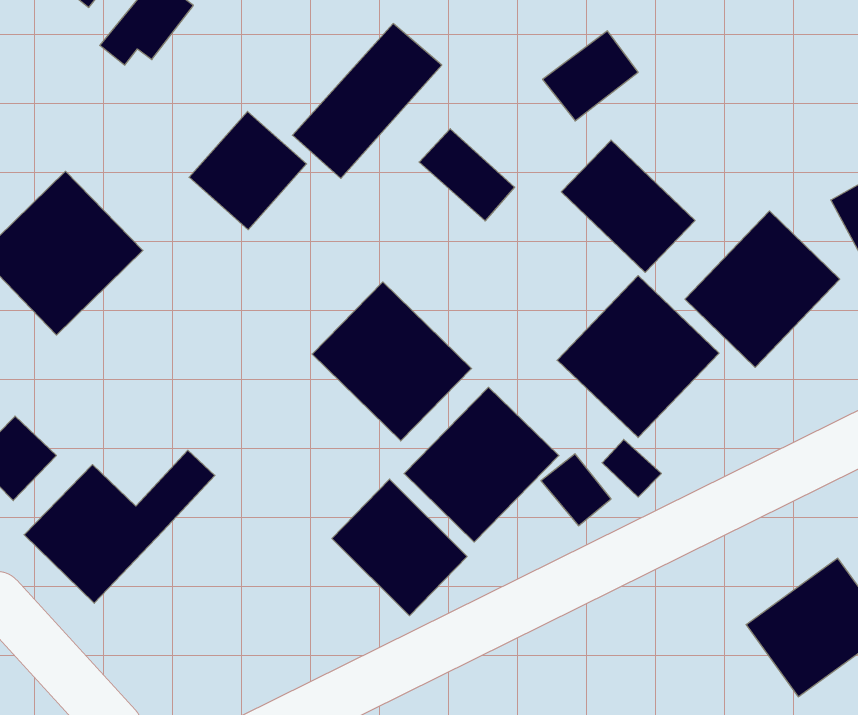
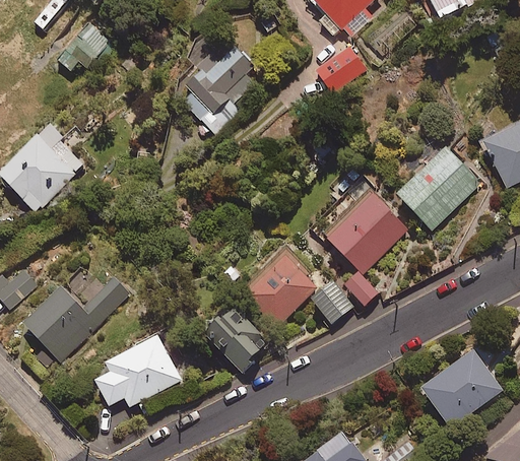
building: [189,111,307,230] -> none
building: [419,129,515,221] -> none
building: [561,140,695,272] -> none
building: [312,282,472,441] -> none
building: none -> [95,335,180,407]

